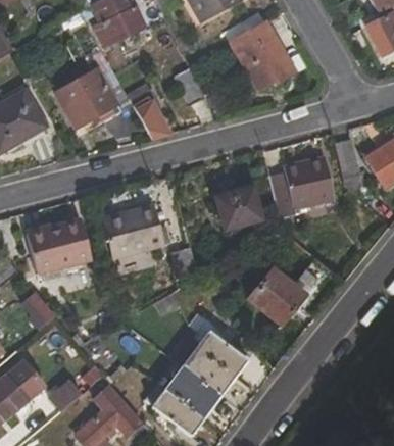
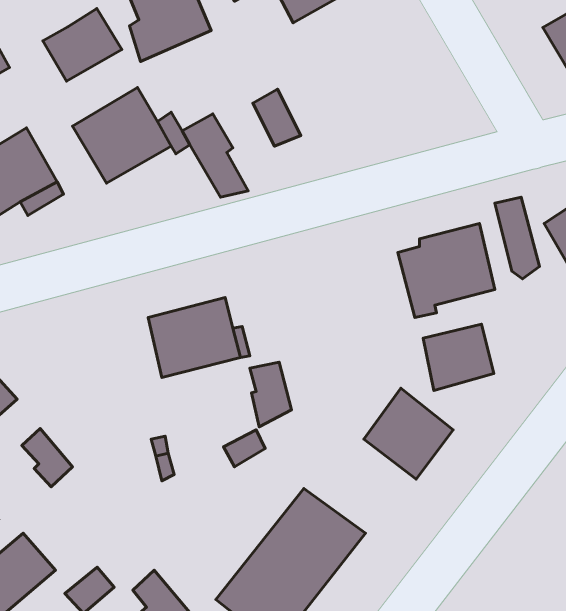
building: none -> [43,8,122,81]
building: [231,19,295,90] -> none
building: [215,186,262,230] -> [423,324,494,391]
building: [27,219,92,276] -> none

